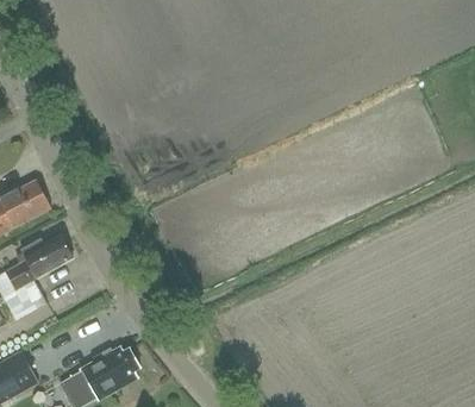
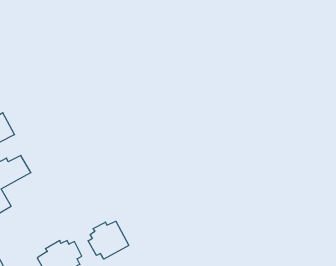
building: none -> [88,221,129,259]

